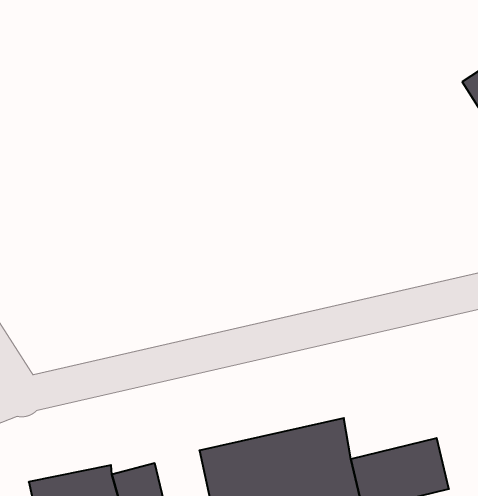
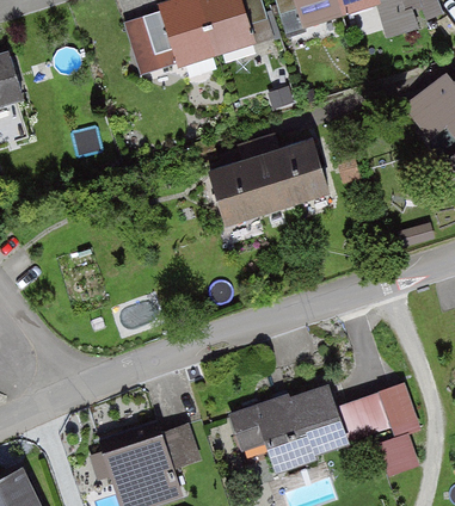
building: none -> [204,138,325,224]

